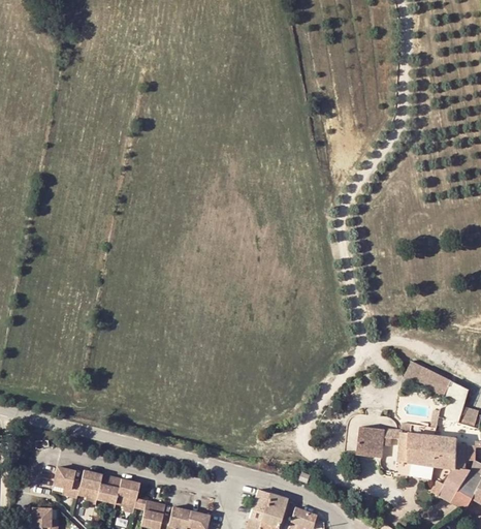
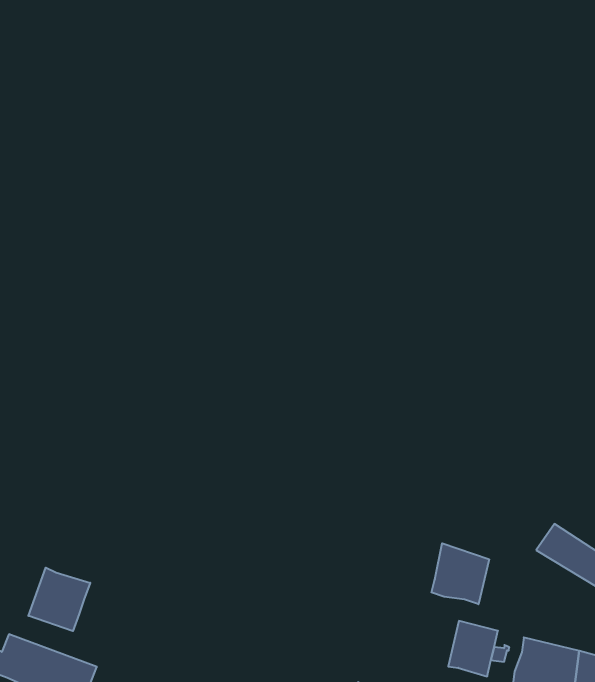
building: none -> [431,543,489,604]
building: none -> [28,568,90,631]

